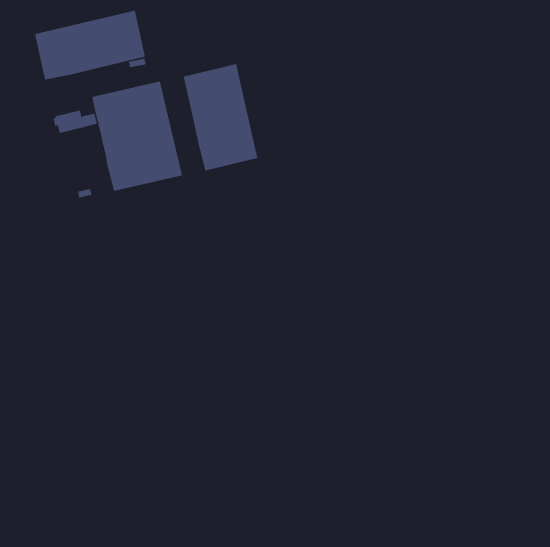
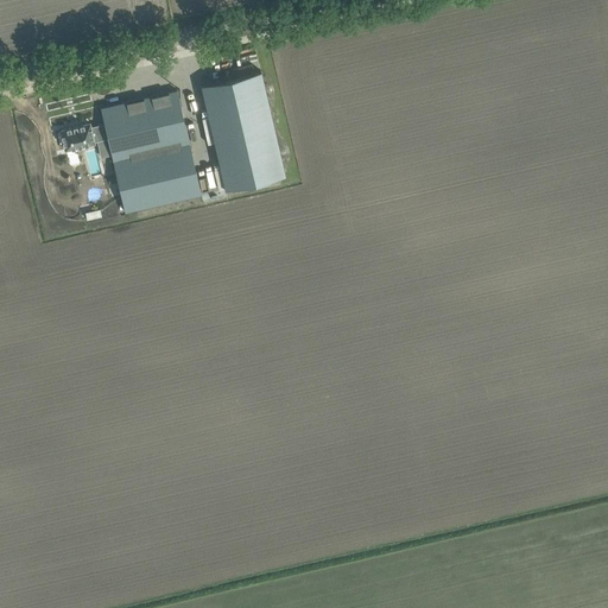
building: [34,10,146,81] -> none

